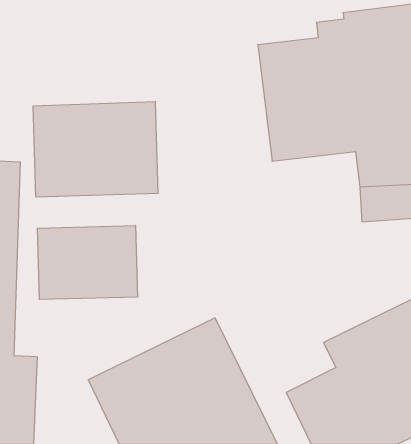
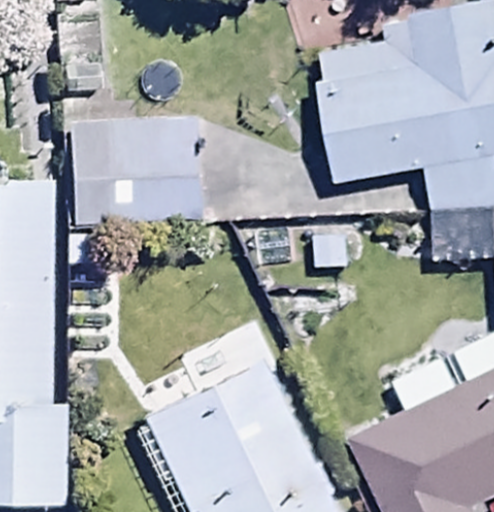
building: [37,225,137,299] -> none

